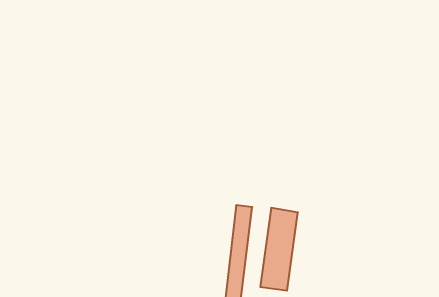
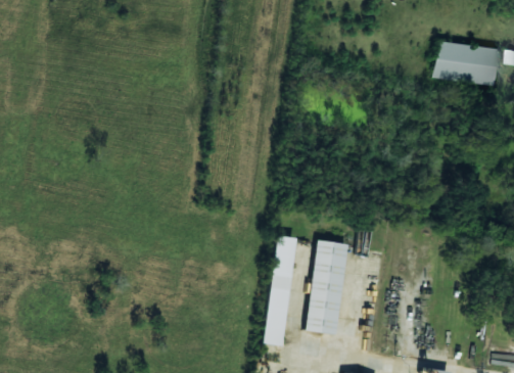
building: none -> [437,41,500,85]

